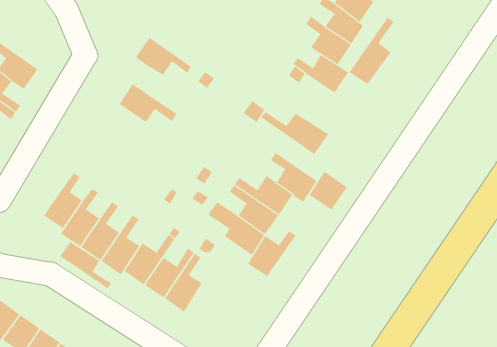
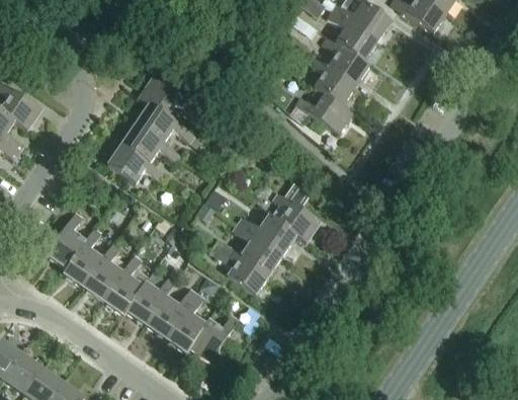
building: [349,17,394,85] -> none
building: none -> [135,102,194,141]
building: none -> [107,142,164,182]
building: [260,111,329,155] -> none
building: [309,171,348,210] -> none
building: [247,230,297,277] -> [190,313,240,359]
building: [60,241,112,289] -> none

